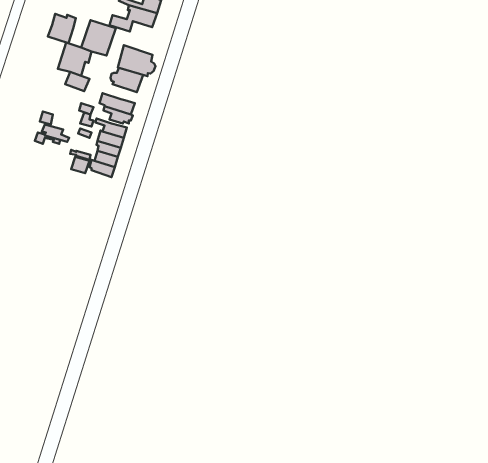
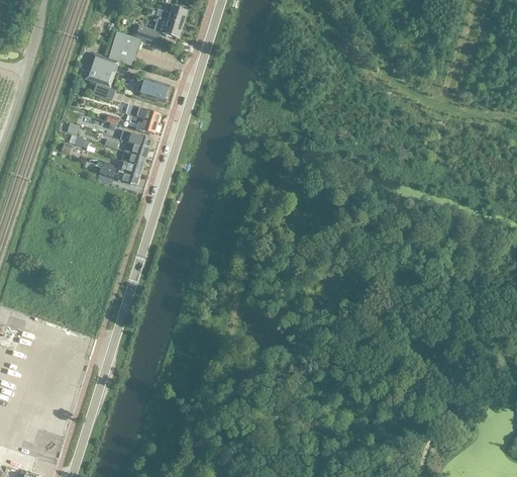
building: [48,14,76,43] -> none
building: [118,45,155,76] -> none

